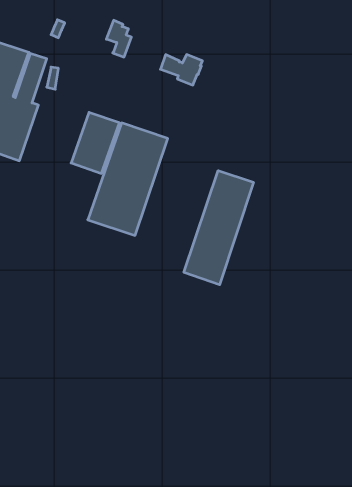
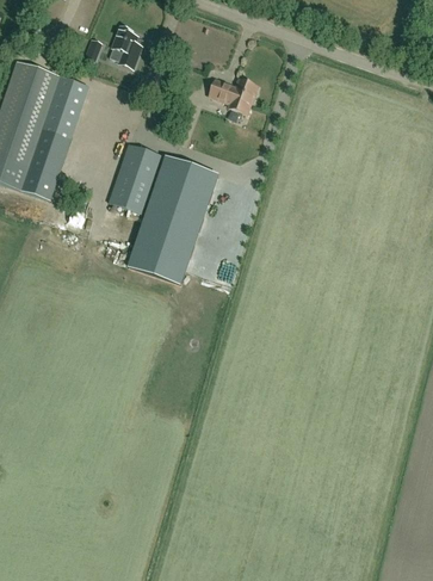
building: [106,20,131,57] -> [113,27,142,69]
building: [184,171,253,285] -> none

